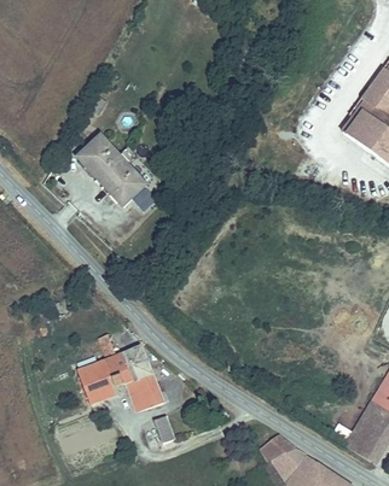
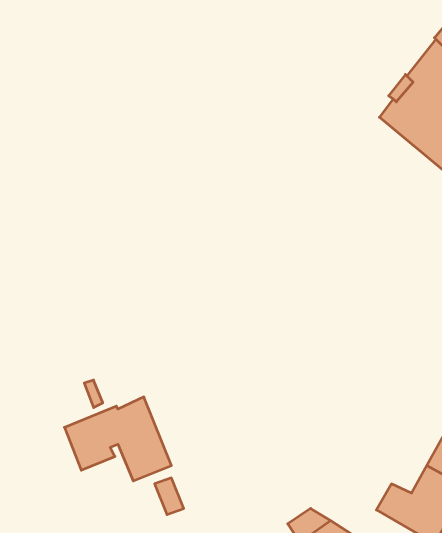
building: [77,134,149,207] -> none

